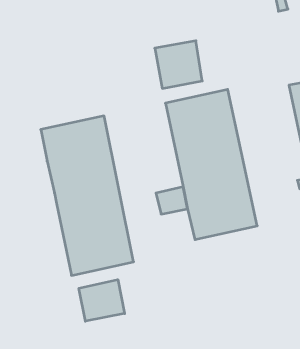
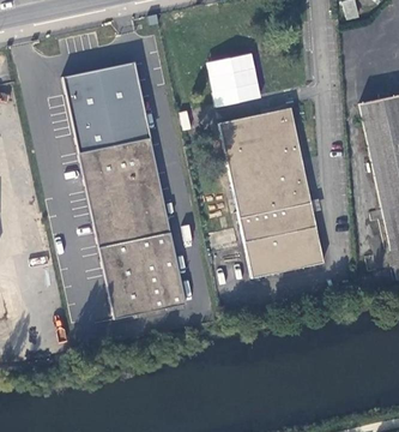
building: none -> [62,64,150,152]
building: [79,280,125,321] -> none

